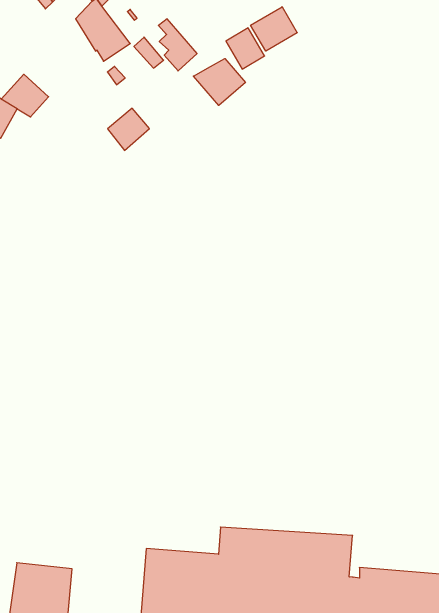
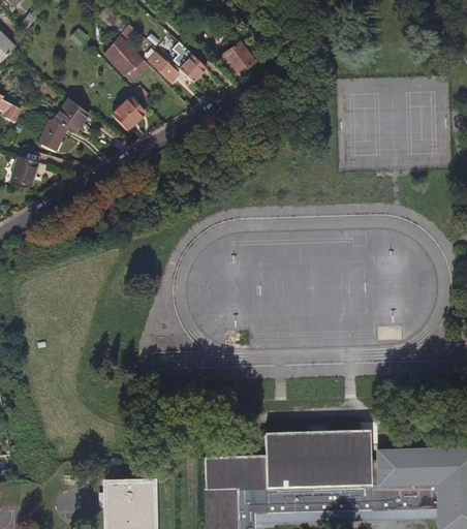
building: [251,7,297,51] -> none
building: [193,59,245,105] -> none
building: [108,108,149,150] -> [111,93,144,127]

